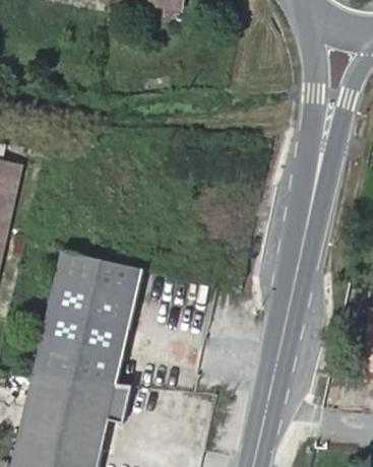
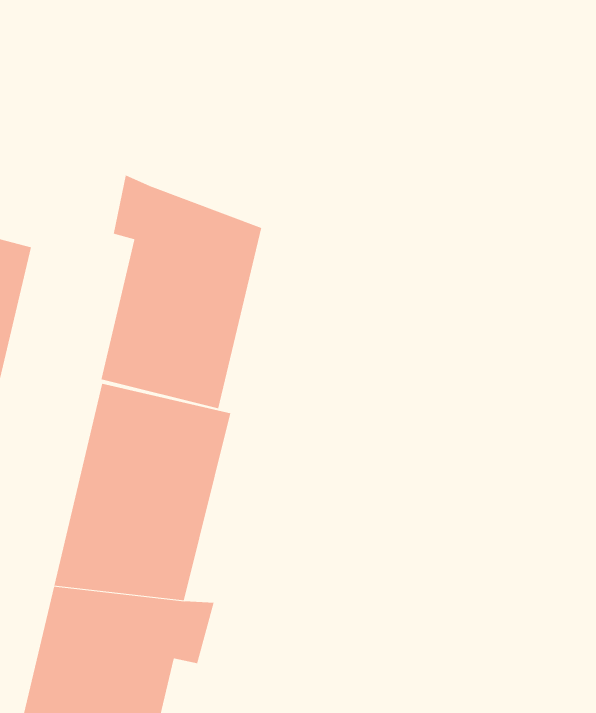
building: none -> [101,174,262,409]

